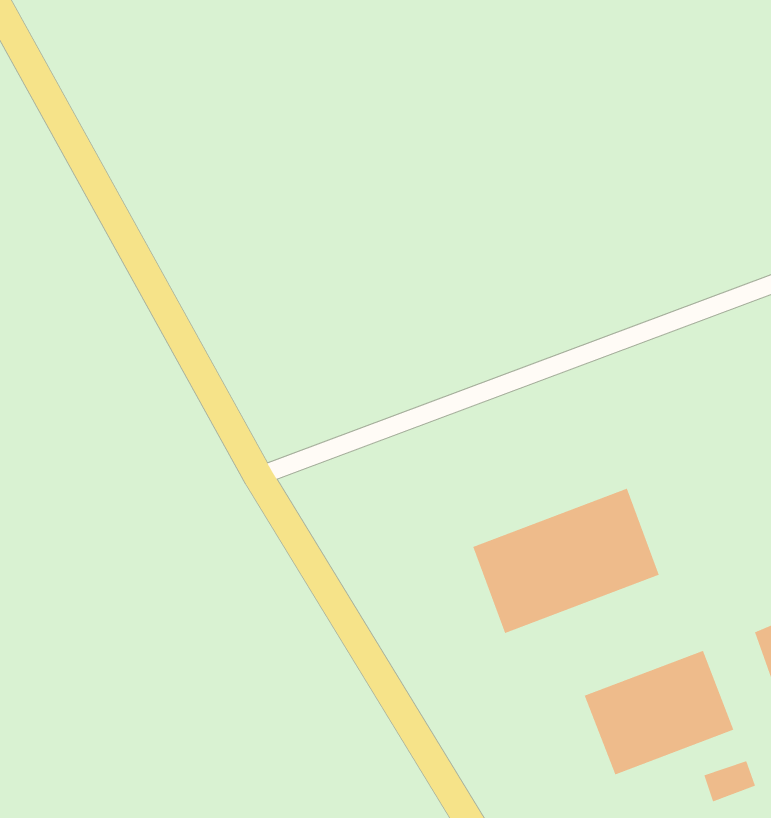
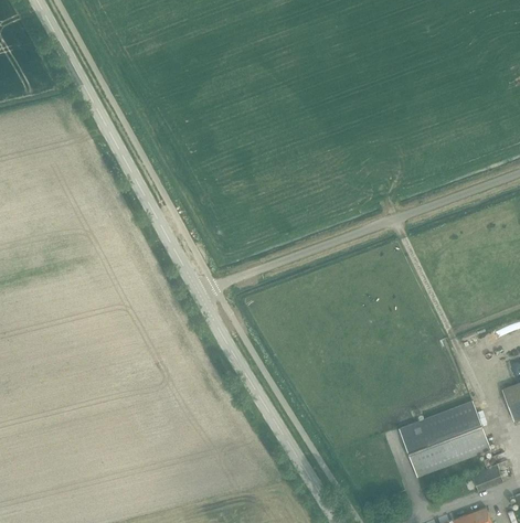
building: [473,488,659,634] -> none

